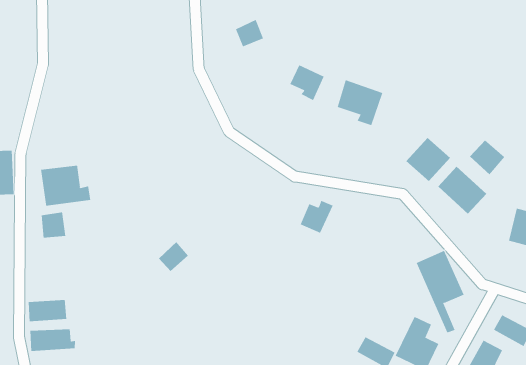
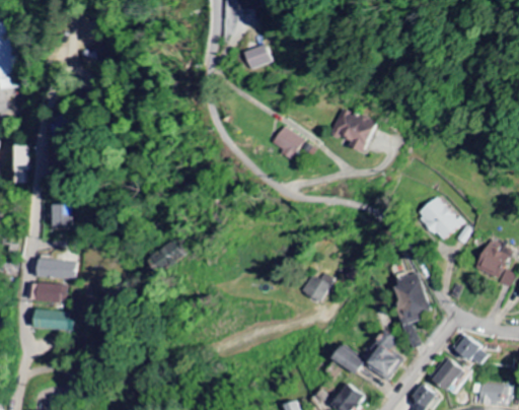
building: [290,64,324,101] -> [272,125,304,159]
building: [405,137,451,182] -> none
building: [469,140,505,175] -> none
building: [41,165,91,207] -> none
building: [300,200,334,233] -> [301,272,333,302]
building: none -> [33,259,75,278]

